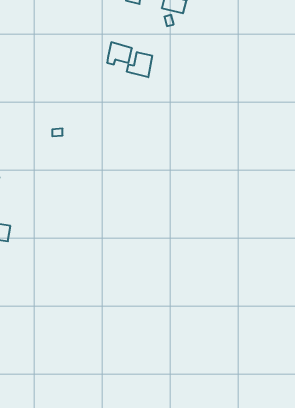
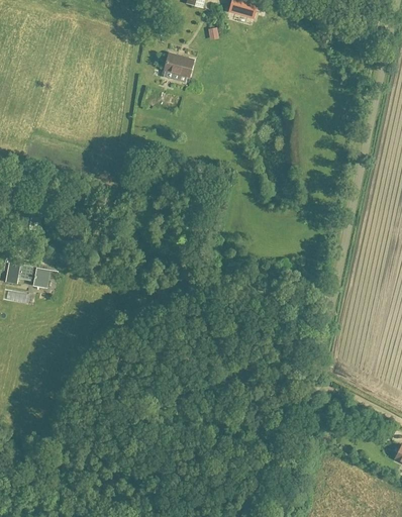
building: [127,52,152,77] -> none

